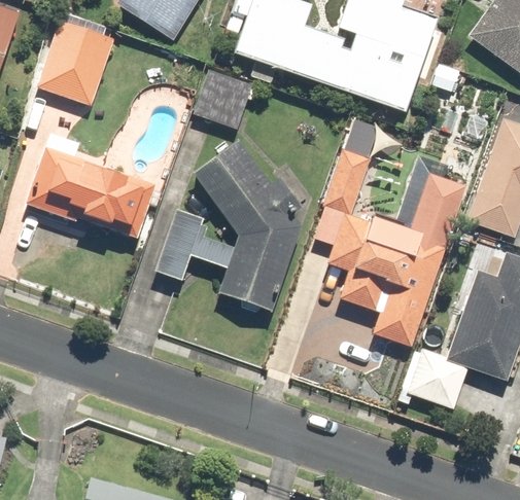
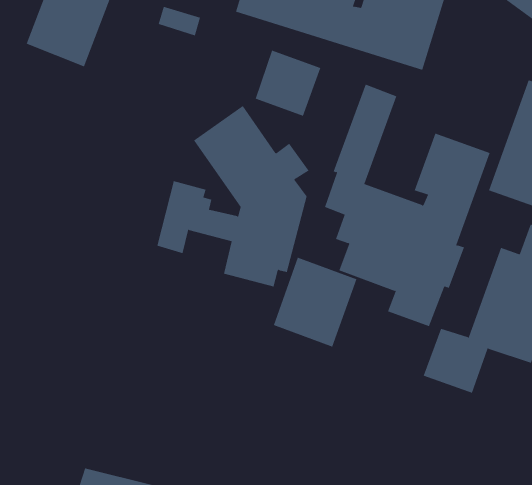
building: [193,67,254,129] -> [255,50,321,117]
building: [27,151,152,236] -> none
building: none -> [273,257,357,347]

